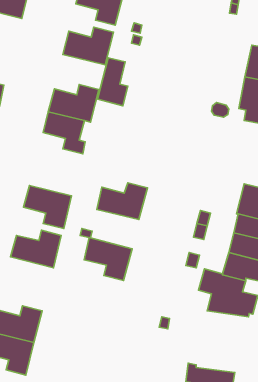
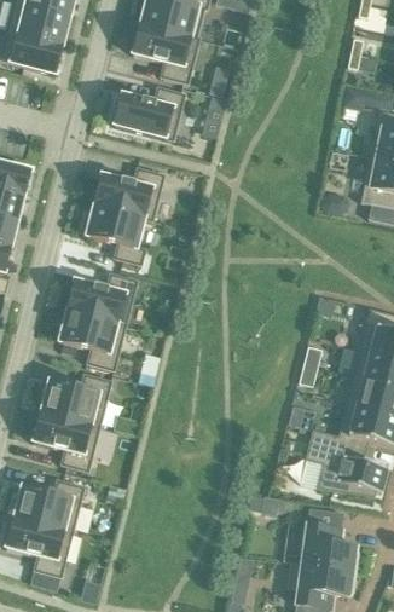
building: [97,58,128,106] -> none
building: [97,183,147,220] -> [65,271,137,323]
building: [84,238,132,281] -> [31,409,99,469]
building: none -> [300,506,357,572]

